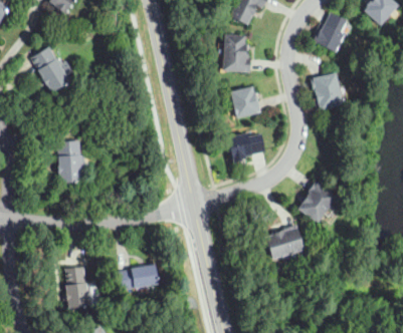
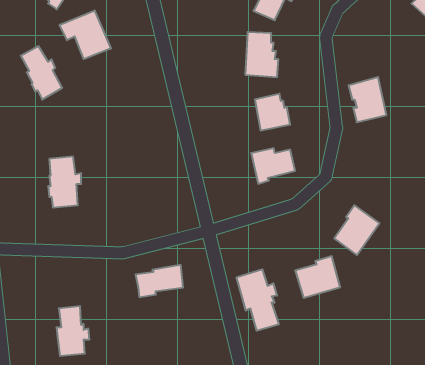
building: [312,12,347,52] -> none
building: none -> [60,10,111,59]
building: none -> [237,269,279,331]
building: [117,264,157,291] -> [136,265,183,297]

